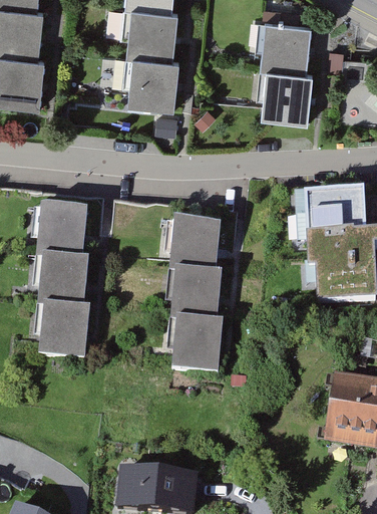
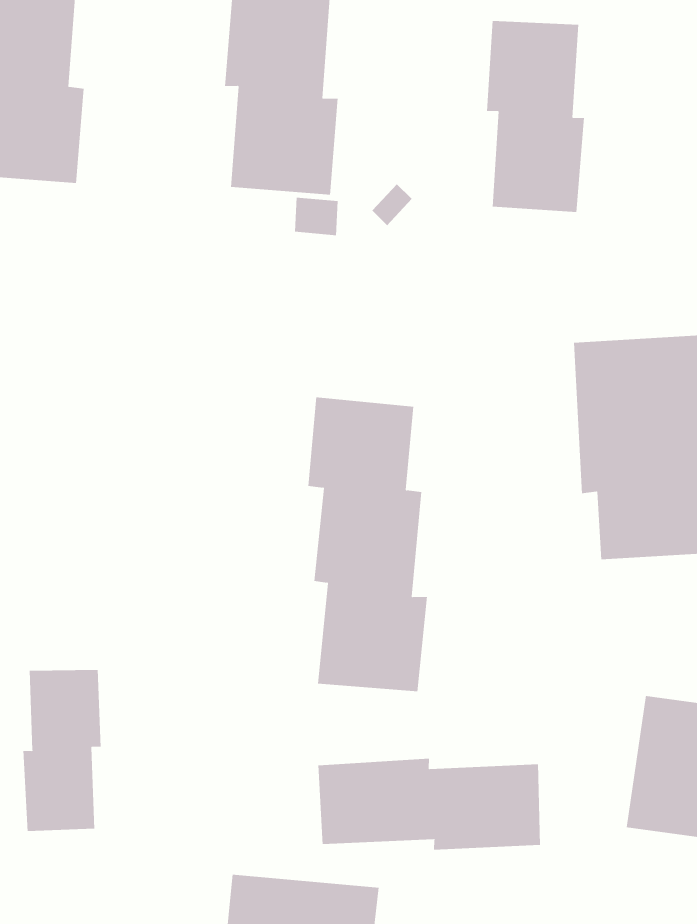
building: [30,202,91,355] -> none
building: none -> [23,669,101,832]
building: none -> [318,758,540,851]

